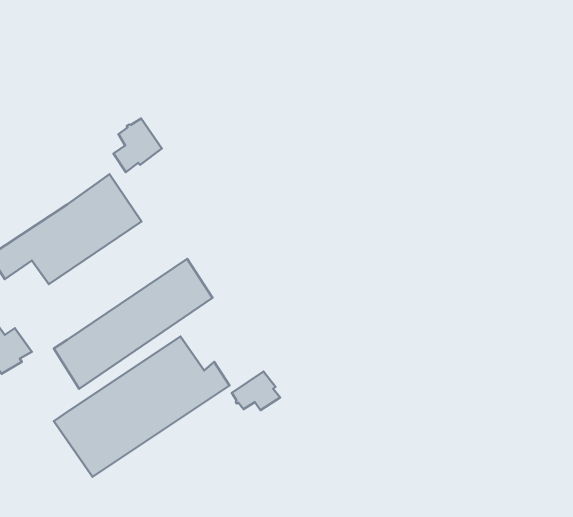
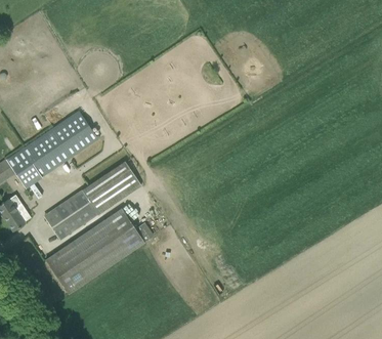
building: [114,118,162,172] -> none
building: [232,372,280,410] -> none

